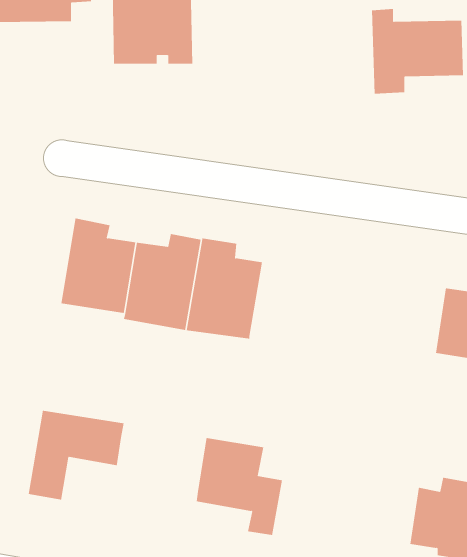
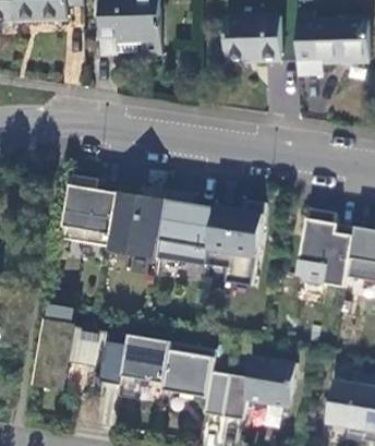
building: none -> [223,19,280,64]
building: none -> [204,200,265,286]
building: none -> [297,207,353,287]
building: none -> [99,335,170,384]
building: none -> [221,355,294,420]

